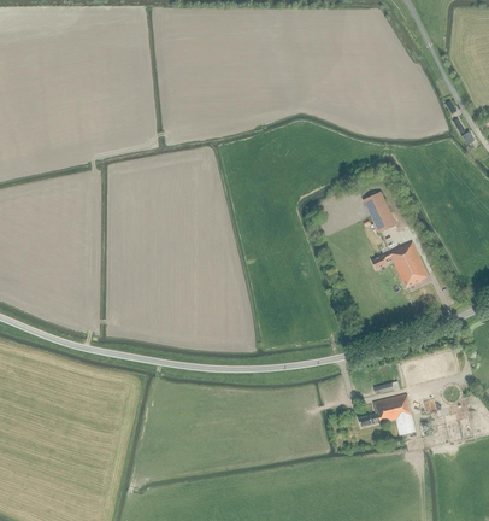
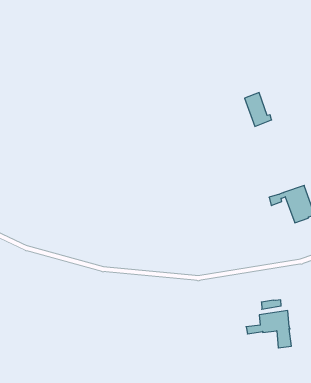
building: [364,191,399,232] -> [245,93,272,126]

